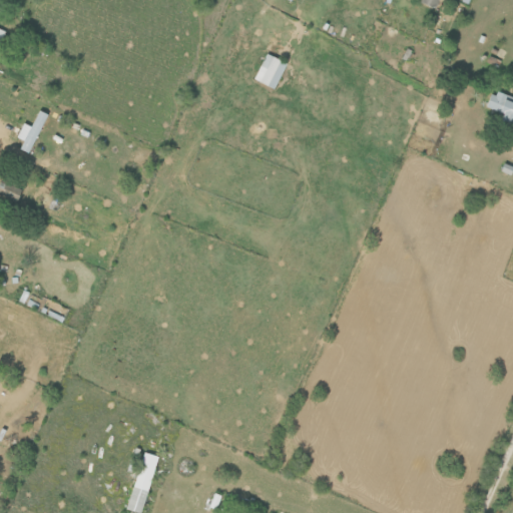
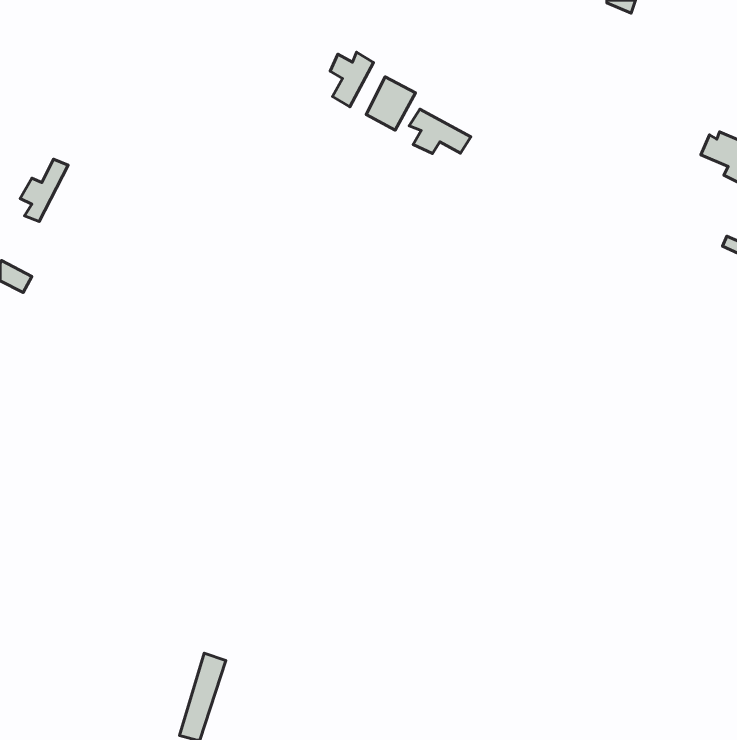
building: none -> [330,52,374,107]
building: none -> [409,109,471,154]

